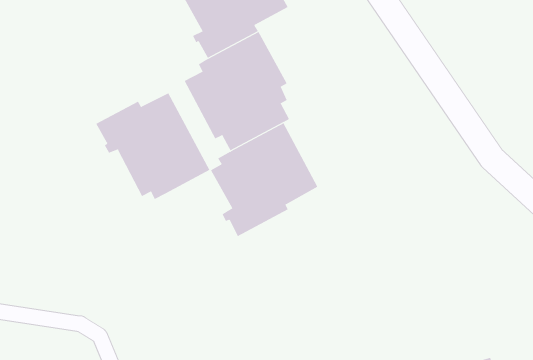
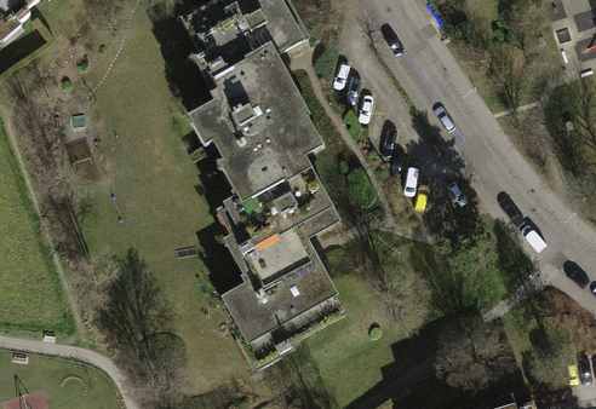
building: [96,93,210,200] -> none
building: none -> [229,241,343,352]

